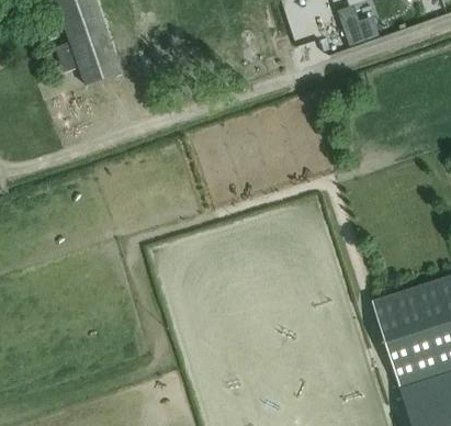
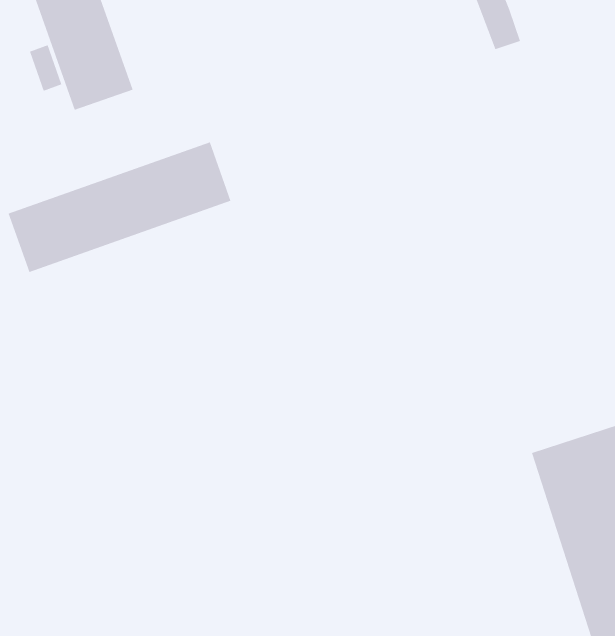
building: none -> [8,142,231,273]

